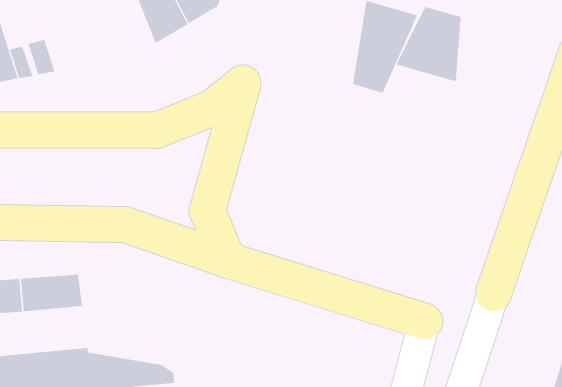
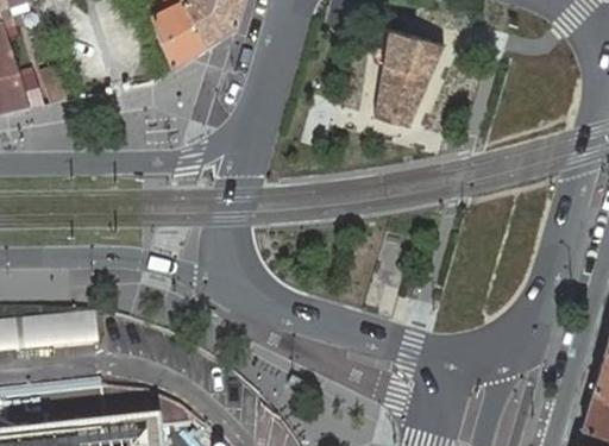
building: [396,6,461,82] -> none

